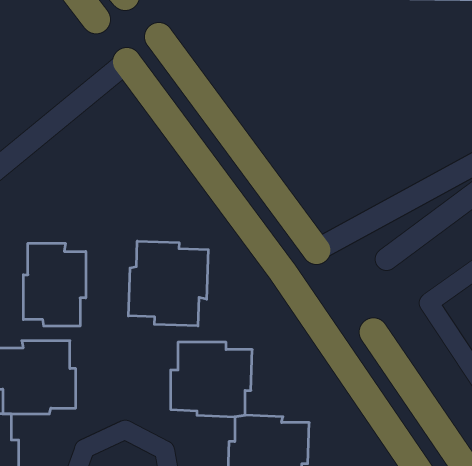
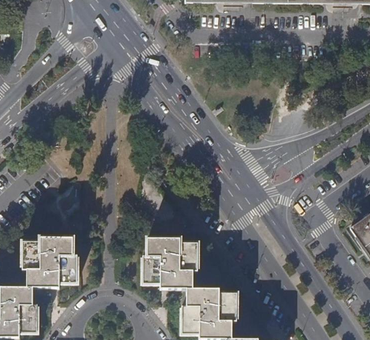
building: [128,241,208,326] -> none
building: [23,243,86,326] -> none

